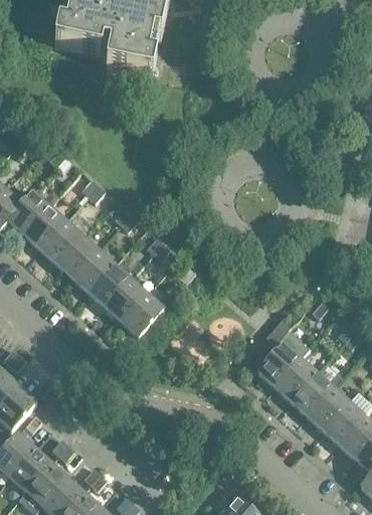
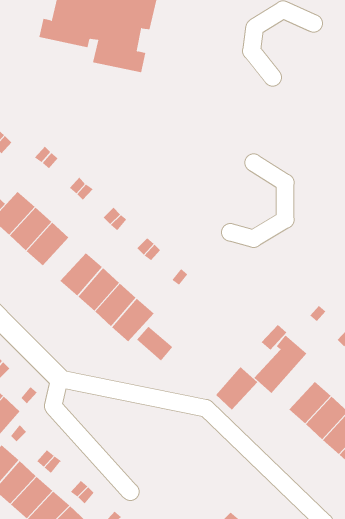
building: [57,237,99,279] -> none
building: none -> [136,326,173,362]
building: [275,359,317,401] -> [215,366,258,411]

